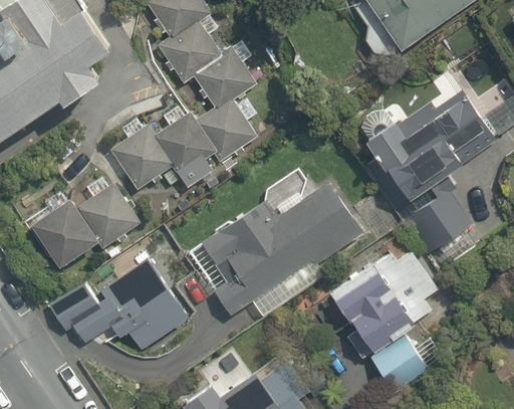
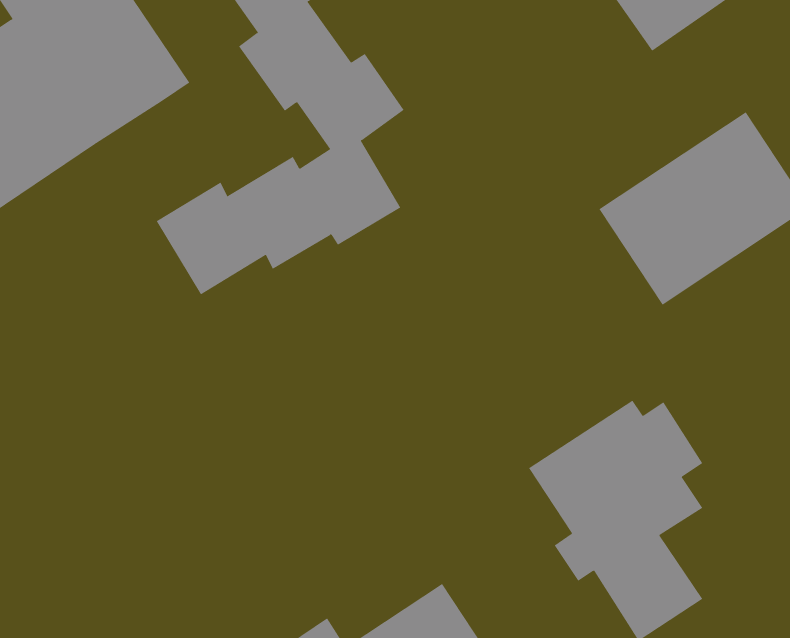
building: [28,184,138,266] -> none
building: [202,184,361,317] -> none
building: [402,190,473,256] -> none
building: [48,256,192,350] -> none

